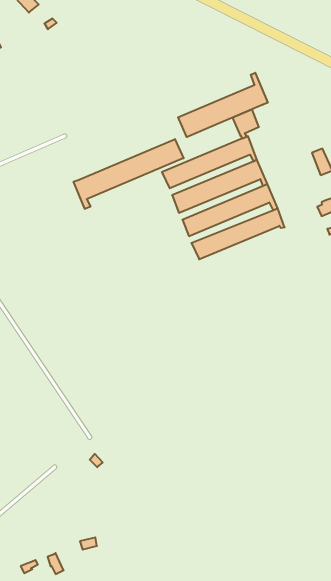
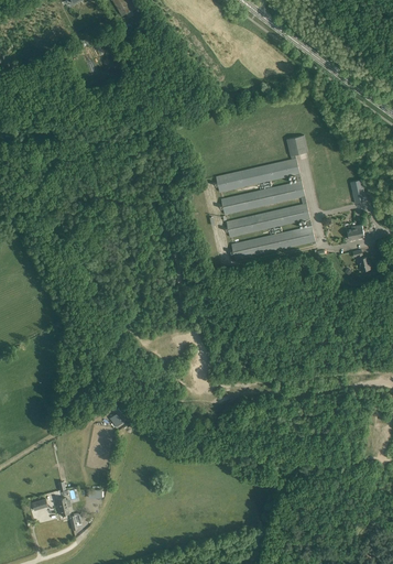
building: [178,73,268,137] -> none
building: [74,139,184,209] -> none

